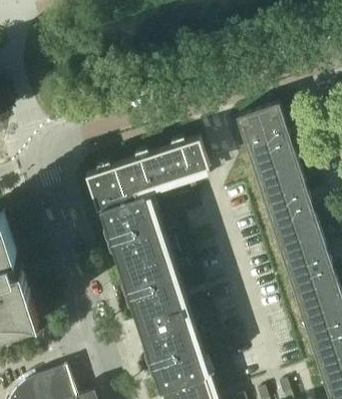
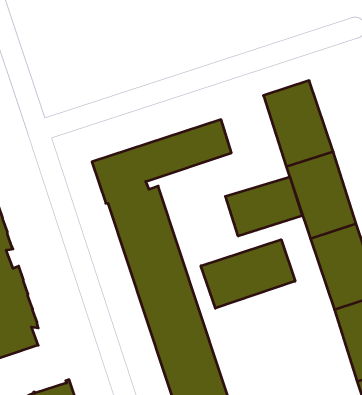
building: none -> [225,177,302,236]
building: none -> [201,240,295,308]

